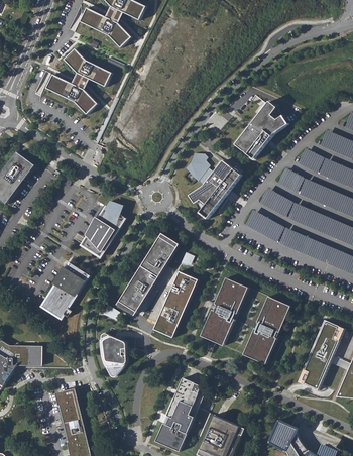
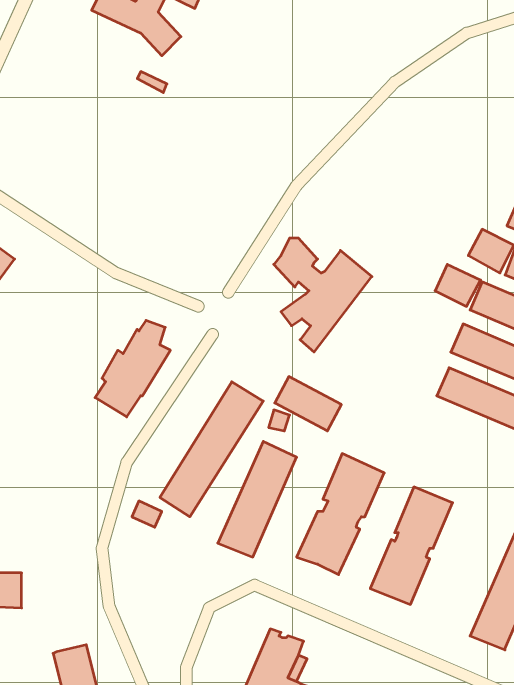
building: [45,49,112,115] -> none
building: [235,101,287,159] -> none
building: [259,189,291,217] -> none
building: [244,211,282,242] -> [275,377,341,431]
building: [41,263,89,319] -> none
building: [100,332,127,377] -> none

